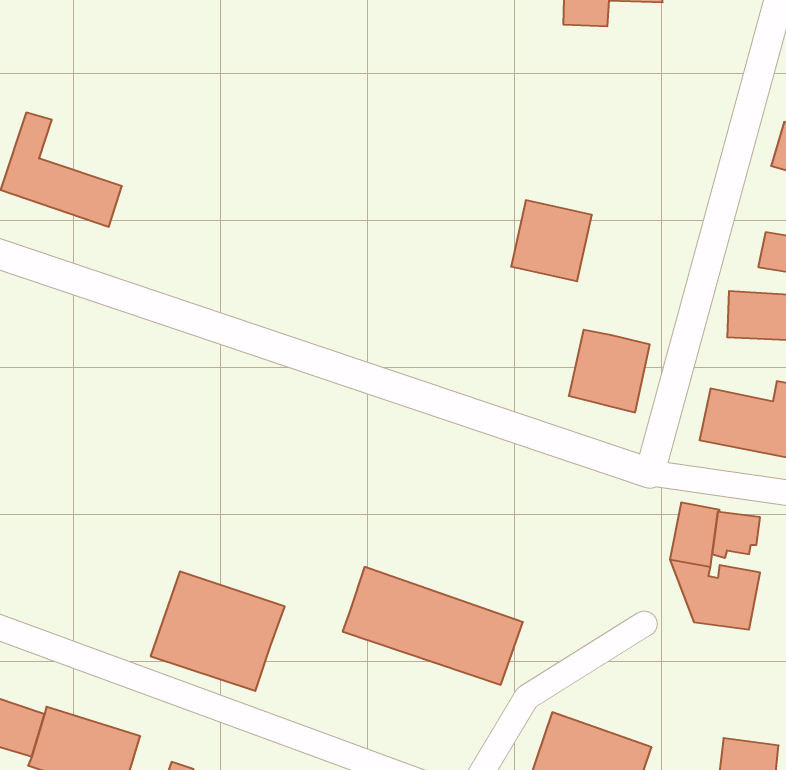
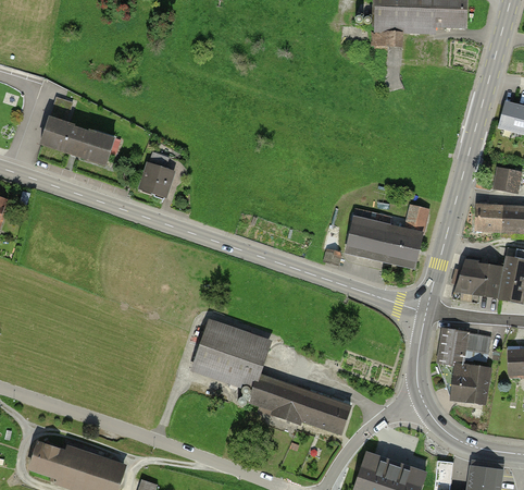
building: [511,200,592,281] -> [340,216,388,264]
building: none -> [144,151,174,194]
building: none -> [404,203,433,233]
building: [151,571,285,691] -> [188,320,267,391]

